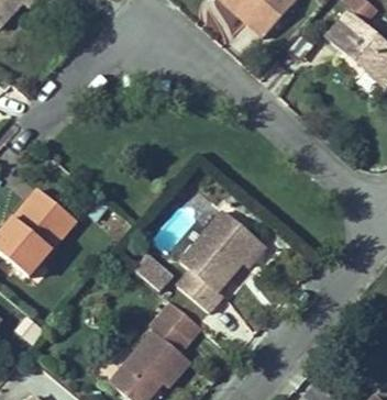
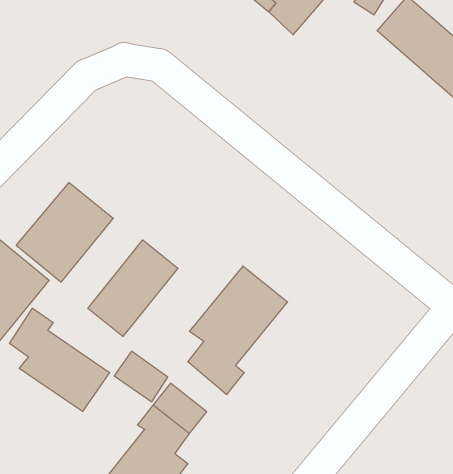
building: none -> [16,183,113,282]
building: none -> [88,240,178,337]
building: none -> [9,308,110,411]

